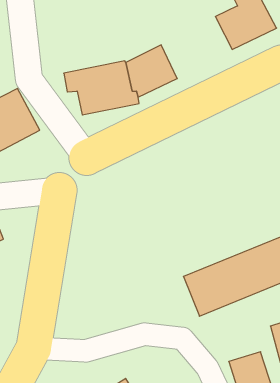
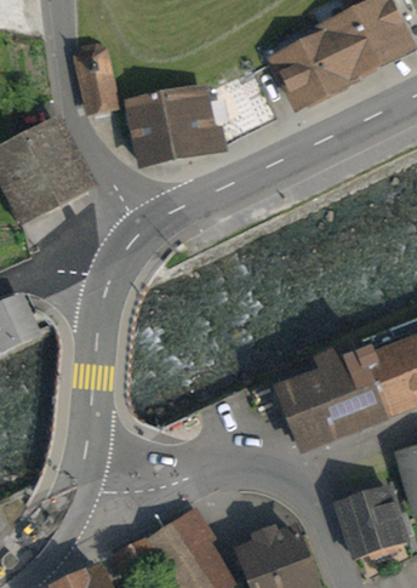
building: none -> [275,35,349,105]
building: none -> [75,46,115,108]

